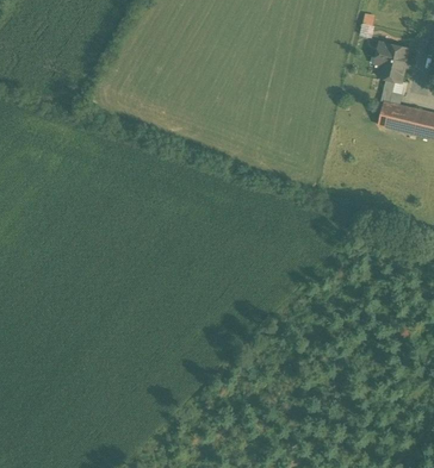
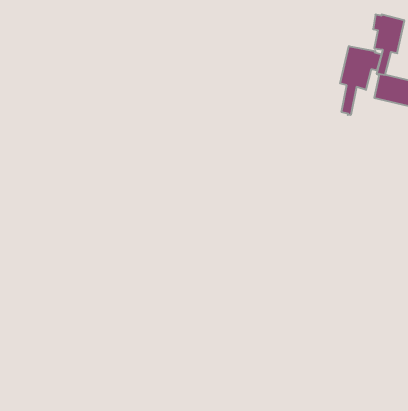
building: none -> [340,46,382,115]

